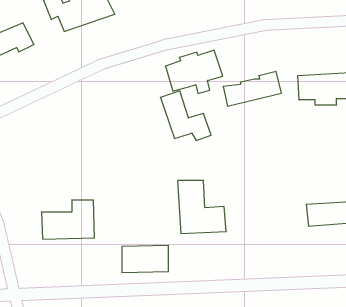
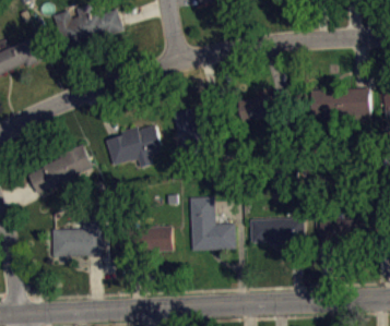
building: [165,50,223,93] -> [106,124,164,168]
building: none -> [25,144,93,193]
building: none -> [249,218,304,247]
building: [122,245,168,273] -> [125,226,172,253]

